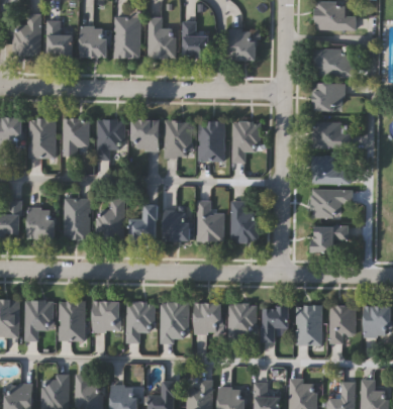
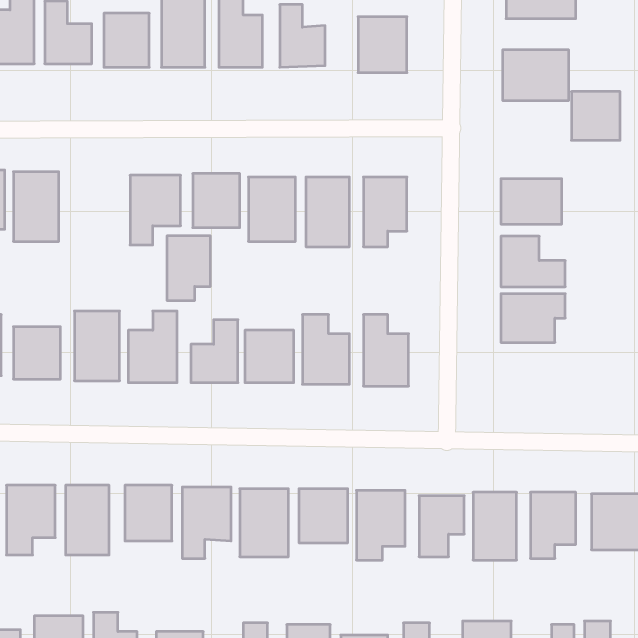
building: [314,83,342,111] -> [571,92,620,140]
building: [63,119,88,157] -> [167,236,210,300]
building: [314,225,347,252] -> none

